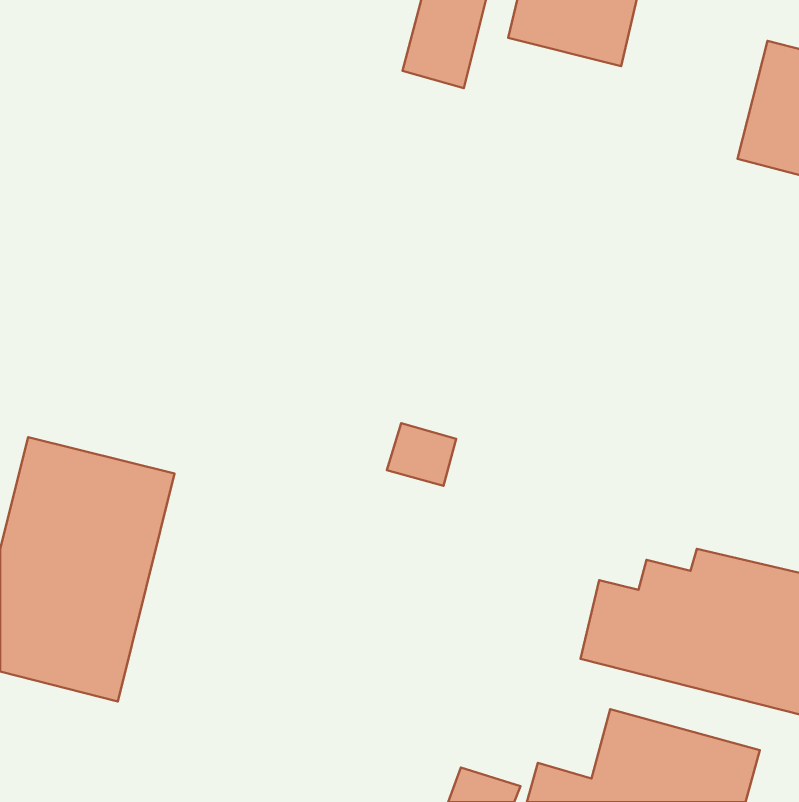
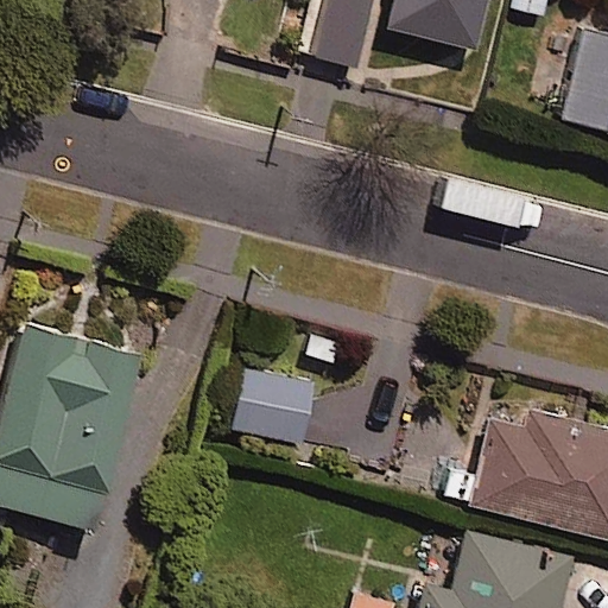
building: none -> [232,369,312,442]

